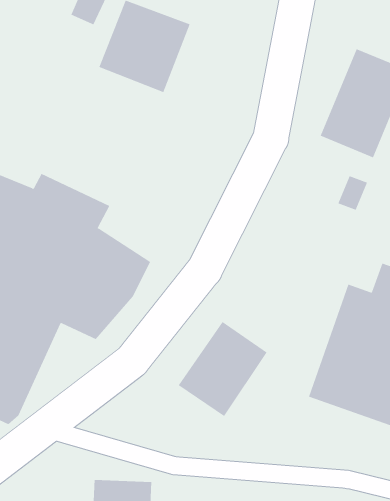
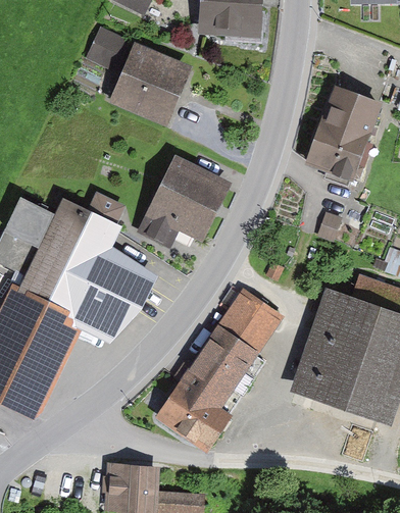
building: none -> [137,159,230,248]
building: none -> [218,291,283,353]
building: none -> [156,381,231,450]

